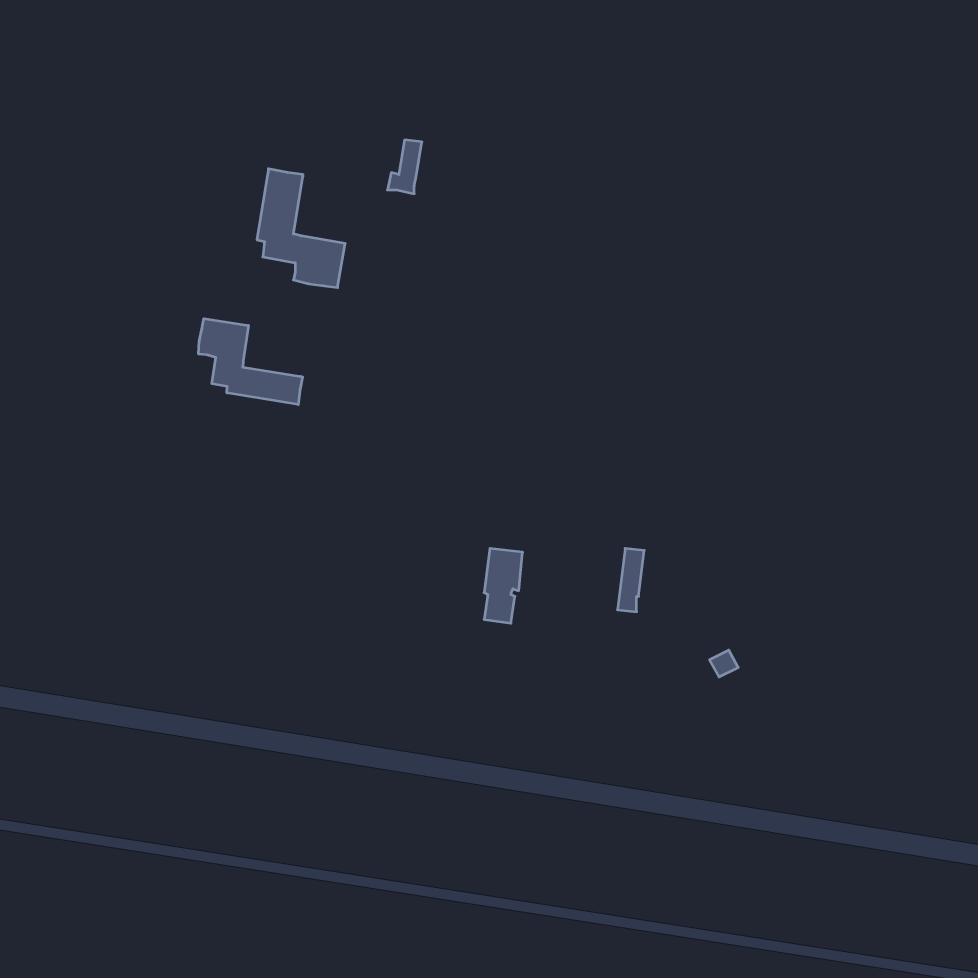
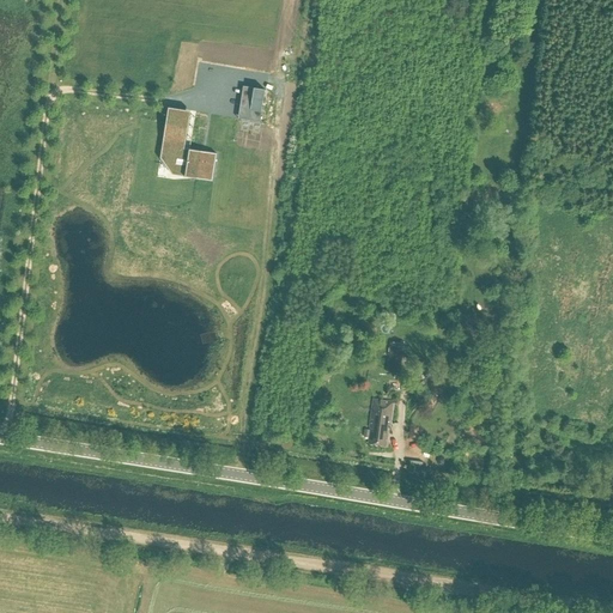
building: [199,319,303,405] -> none
building: [484,548,523,623] -> [369,399,393,445]

